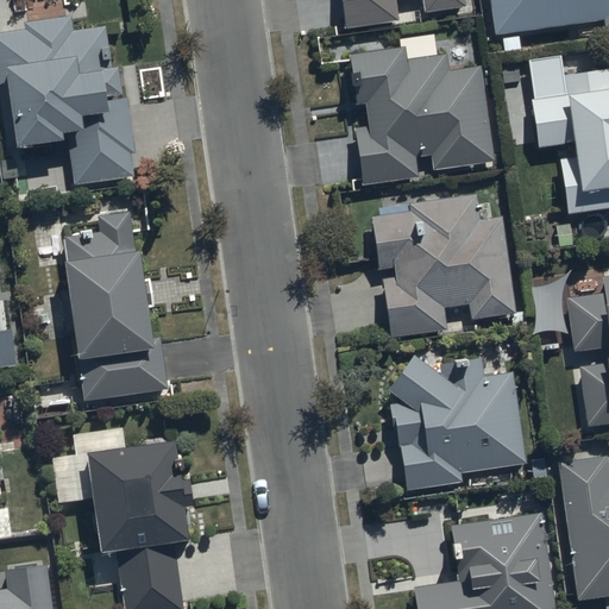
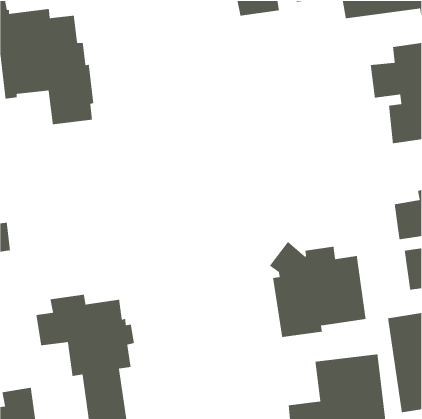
building: [351,46,494,184] -> none
building: [372,194,516,337] -> none
building: [59,203,168,402] -> none

